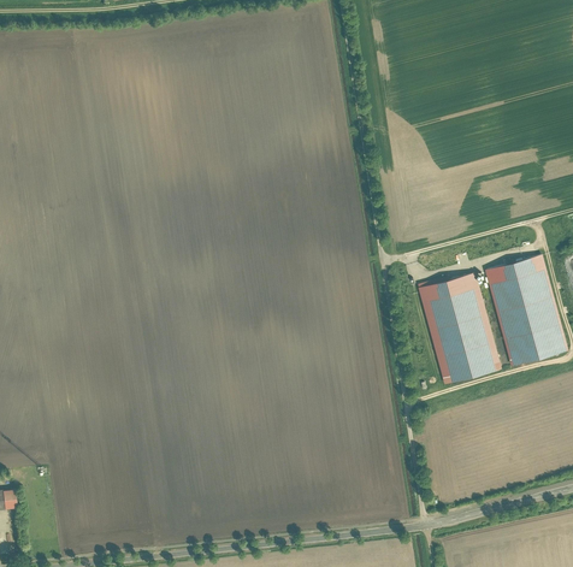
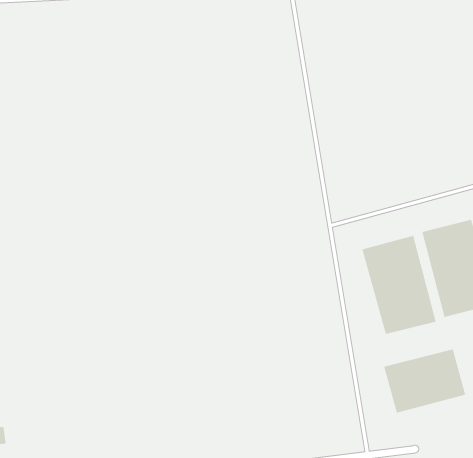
building: none -> [384,349,466,413]

